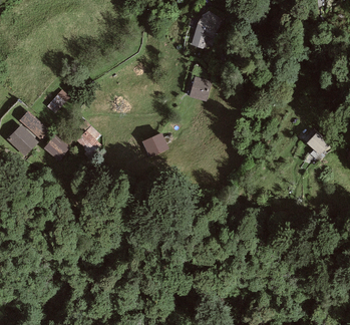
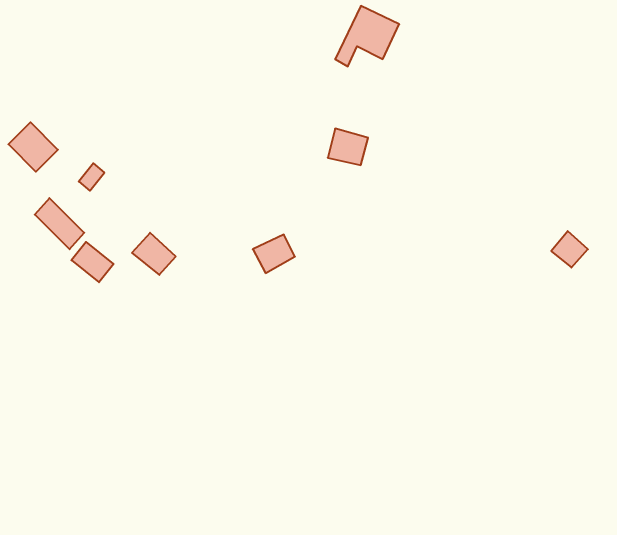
building: [13,129,40,156] -> [8,122,58,172]

